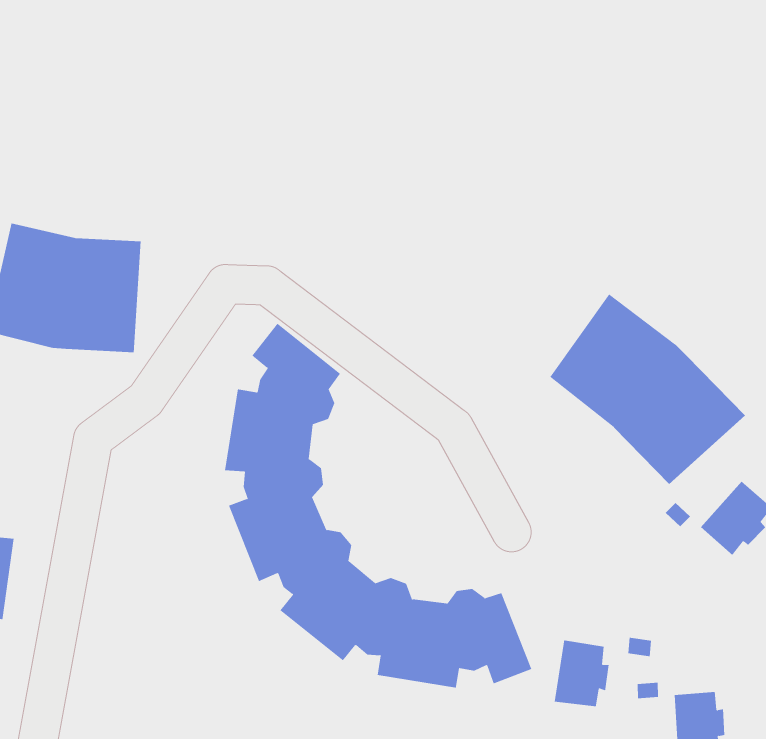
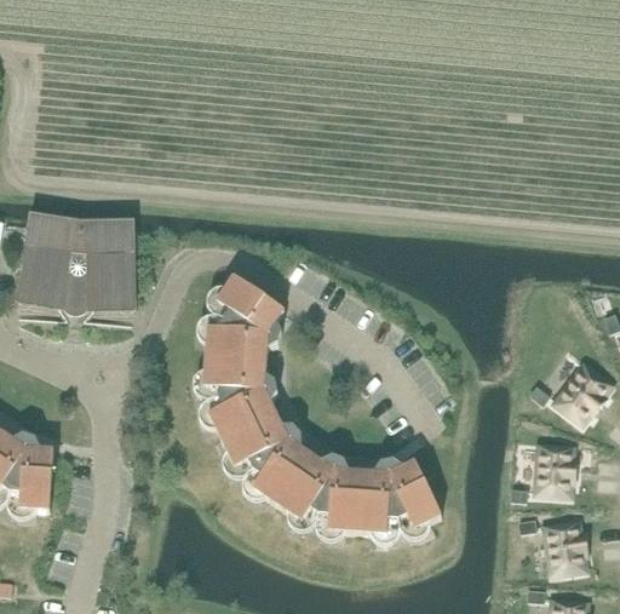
building: [550,293,746,485] -> none
building: [554,640,610,707] -> [535,443,574,490]

